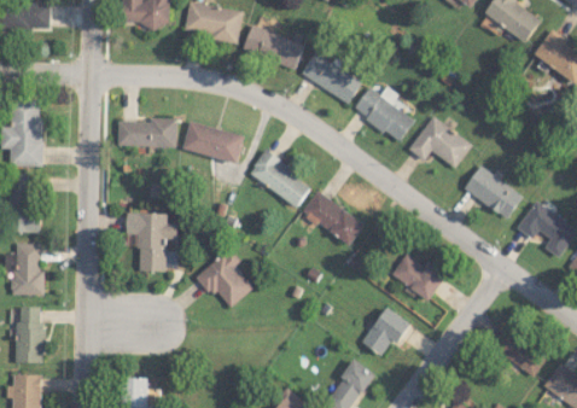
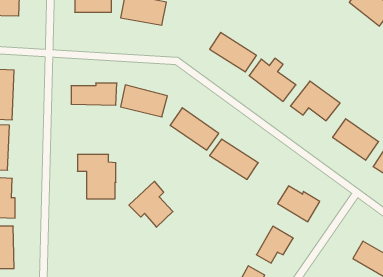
building: [243,24,304,70] -> none

